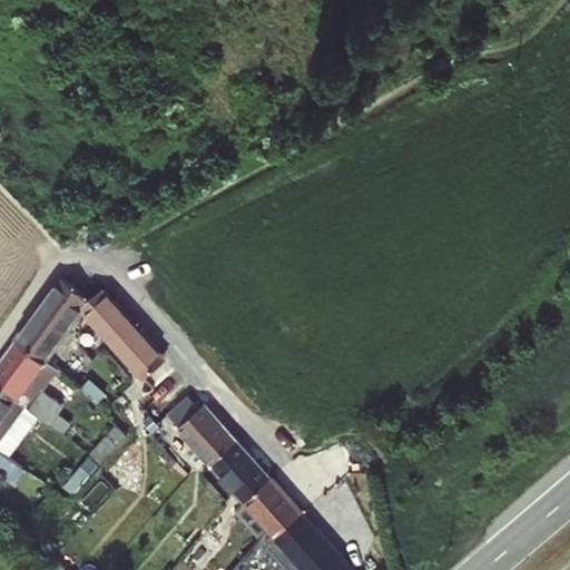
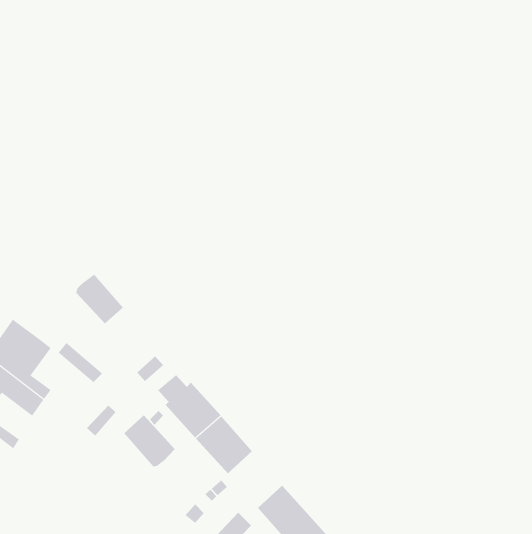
building: [13,279,87,363] -> none
building: [111,328,163,381] -> none
building: none -> [124,415,176,467]
building: [242,481,299,541] -> none

